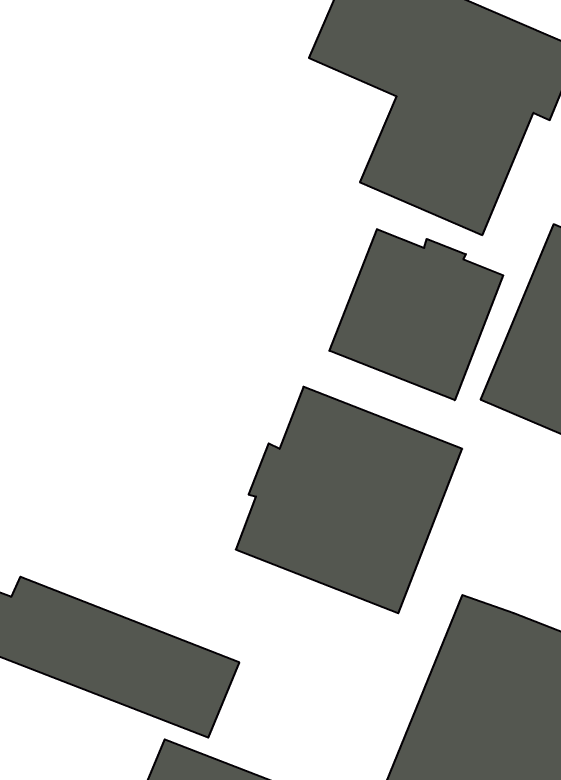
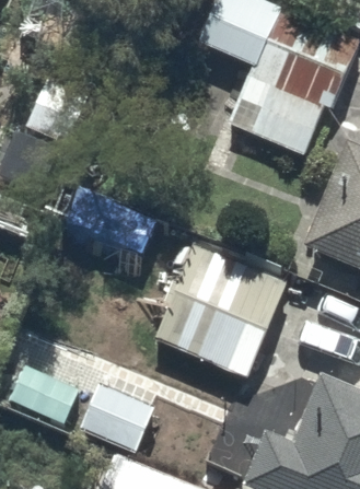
building: [329,229,503,400] -> none

